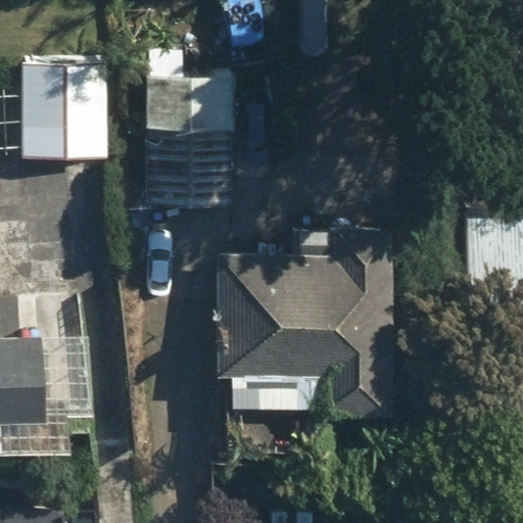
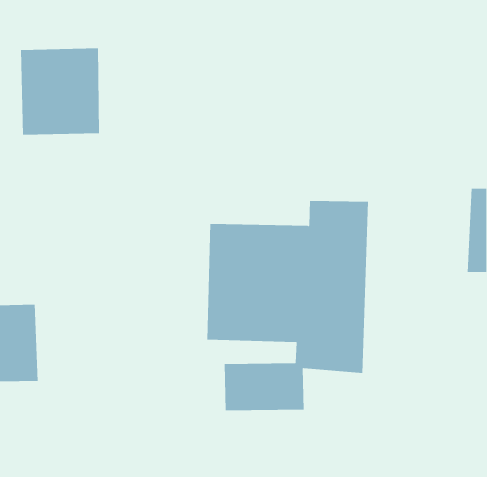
building: [137,43,243,212] -> none

